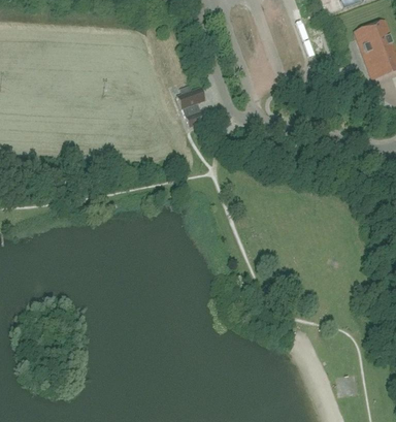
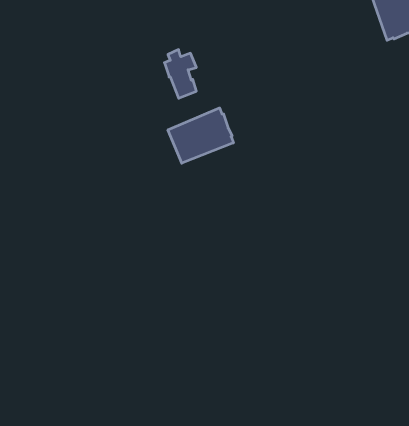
building: none -> [168,108,233,163]

